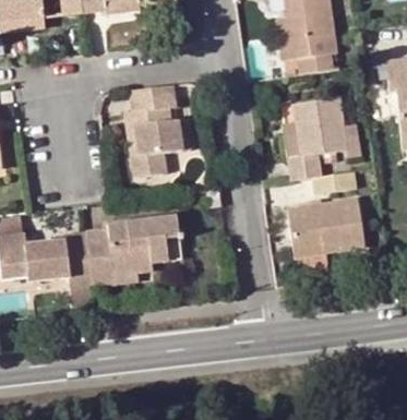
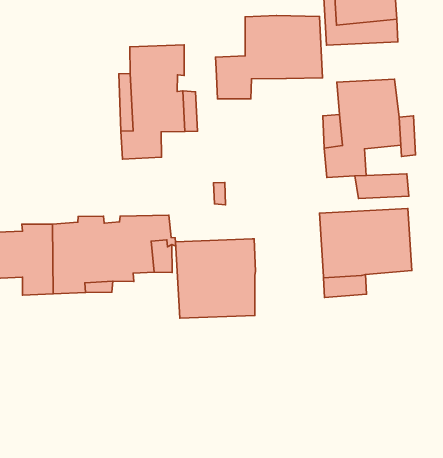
building: none -> [215,15,322,99]
building: none -> [176,239,255,318]

